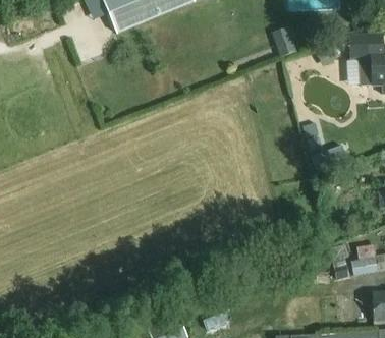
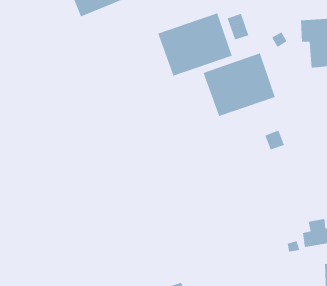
building: none -> [157,12,232,77]
building: none -> [203,53,275,117]

